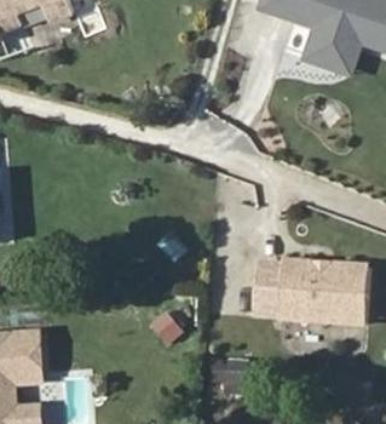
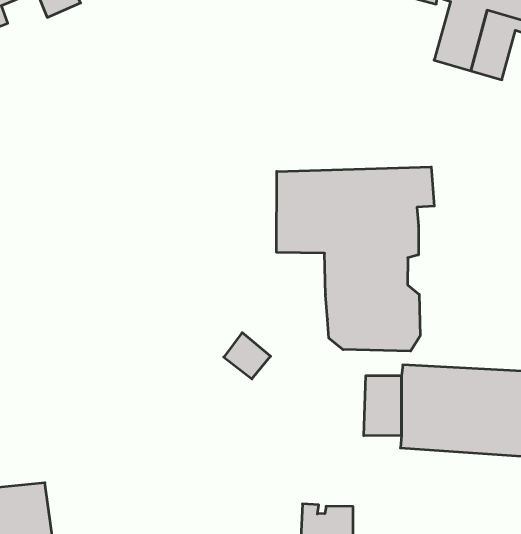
building: none -> [277,167,434,351]

